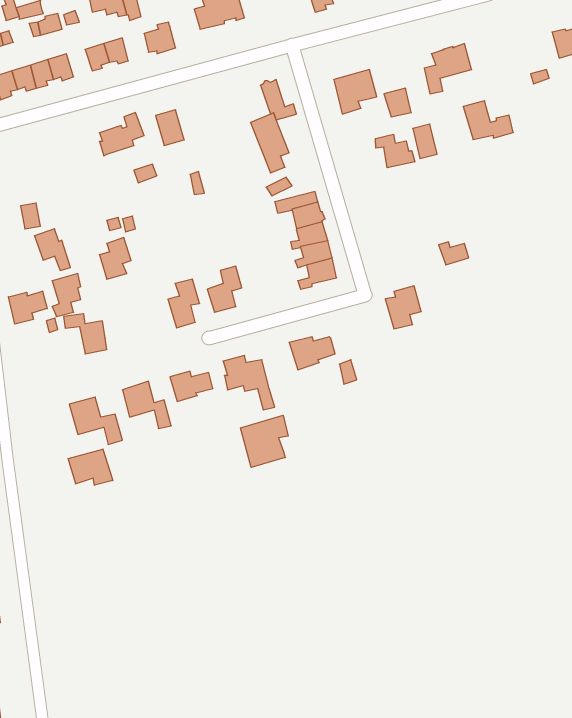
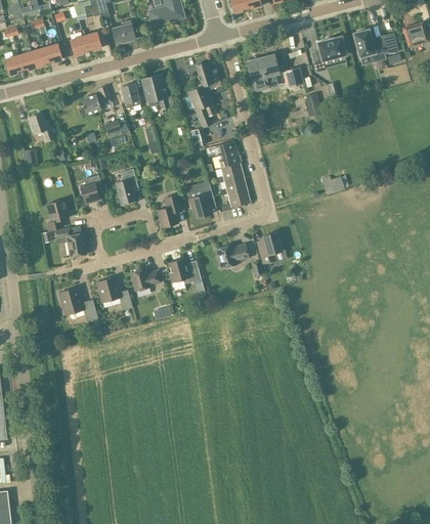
building: none -> [141,73,170,107]
building: [463,101,513,140] -> [353,28,389,55]
building: [375,134,415,168] -> none
building: [34,229,70,270] -> [29,111,54,140]
building: none -> [189,184,216,217]
building: [168,279,200,328] -> [116,168,138,203]
building: [385,286,421,329] -> [257,231,283,262]
building: [8,291,47,324] -> none
building: [240,415,288,467] -> none
building: [68,449,113,485] -> none

